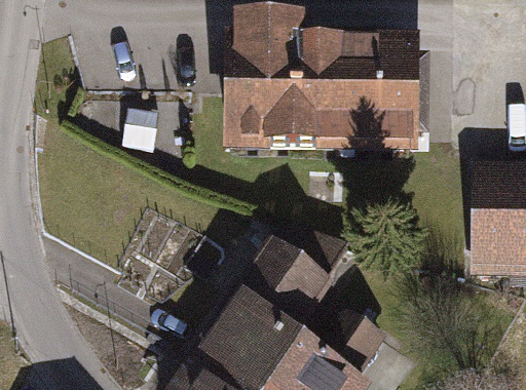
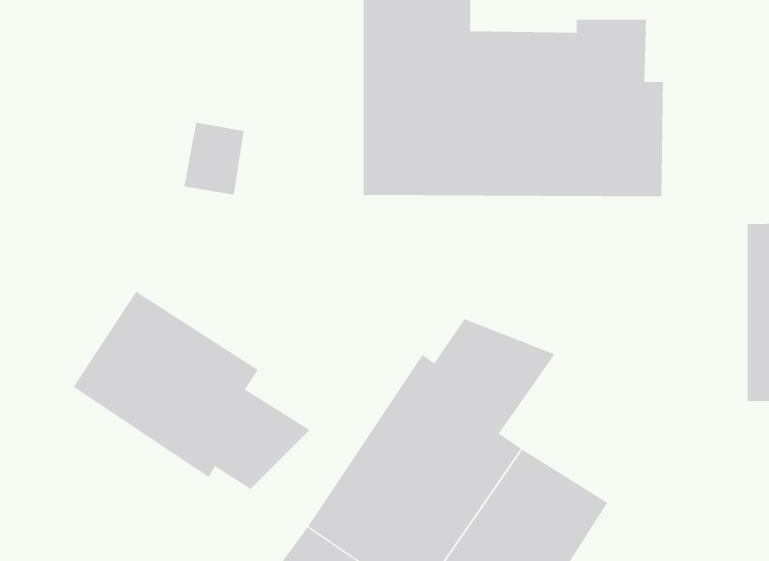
building: none -> [73,291,310,490]

